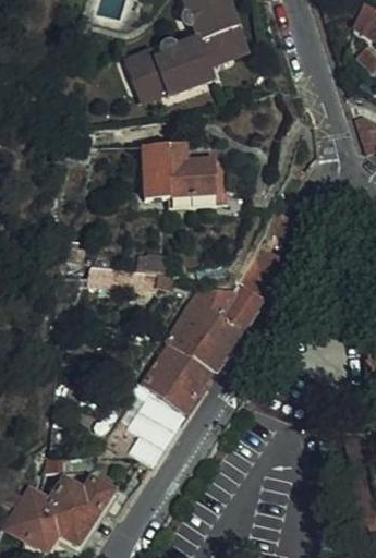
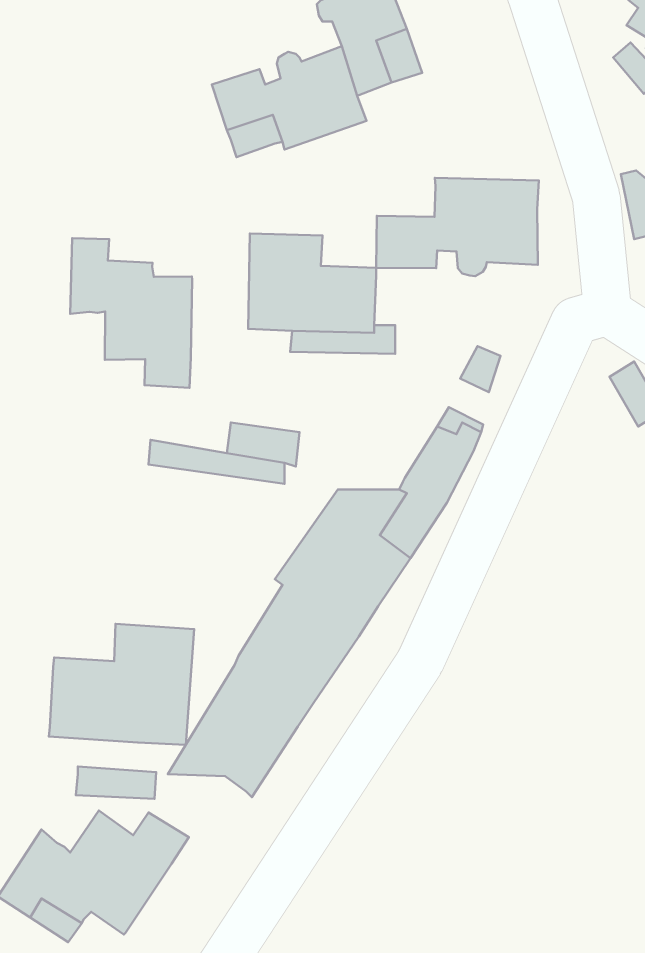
building: none -> [376,178,539,276]
building: none -> [70,238,192,388]
building: none -> [49,624,194,745]

